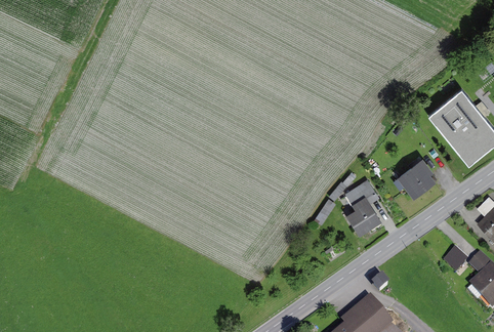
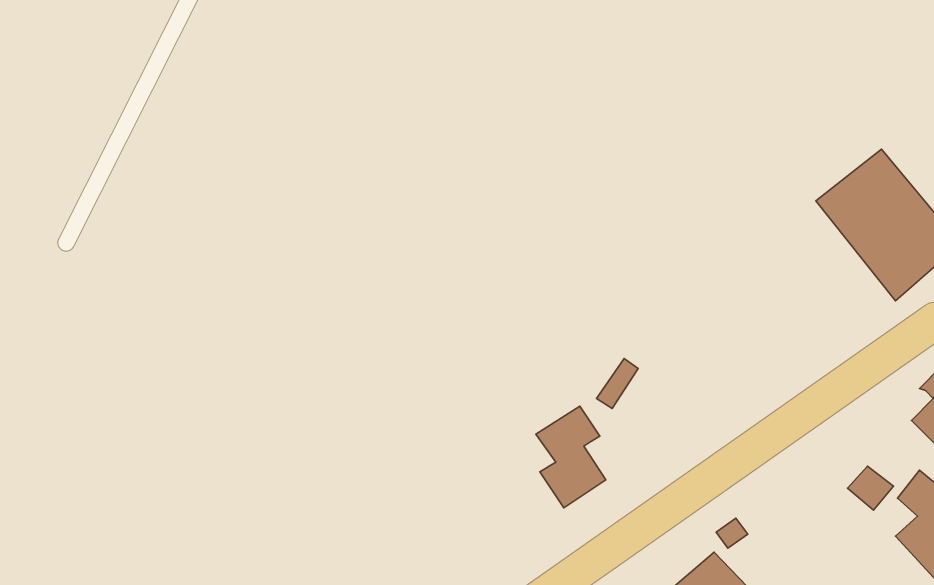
building: [396,159,438,196] -> none
building: [346,181,382,234] -> [536,406,606,508]

